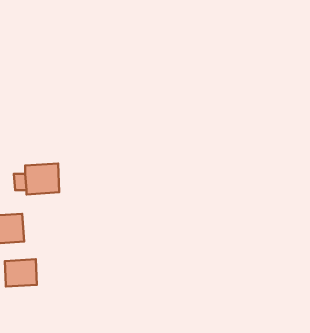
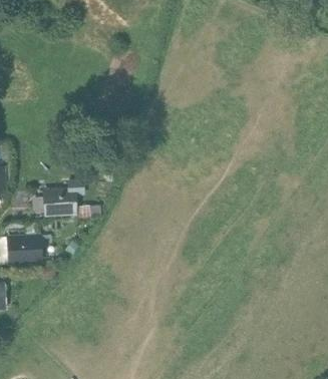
building: [5,259,37,287] -> none

